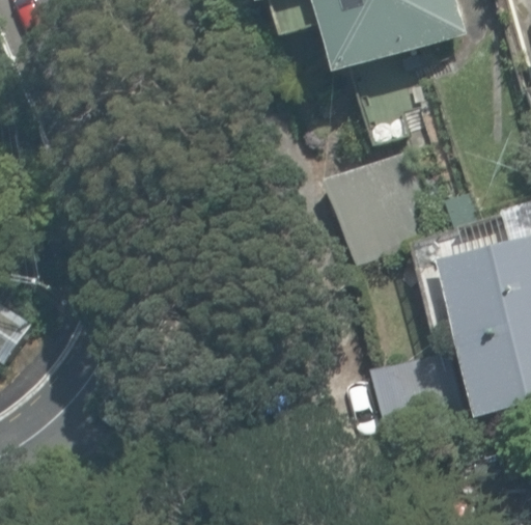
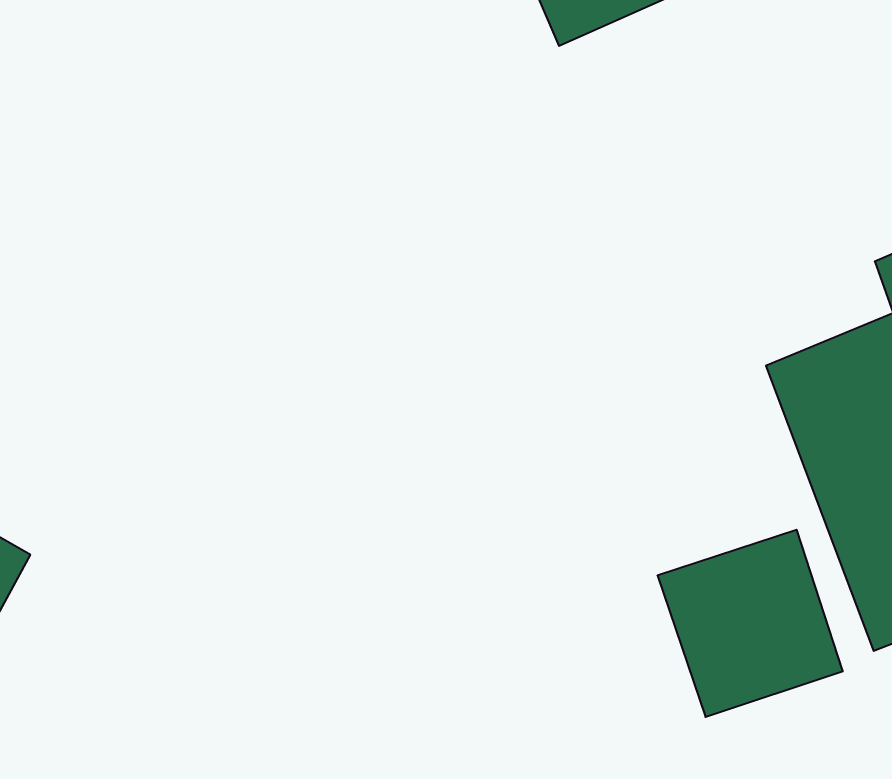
building: [322,147,436,266] -> none

